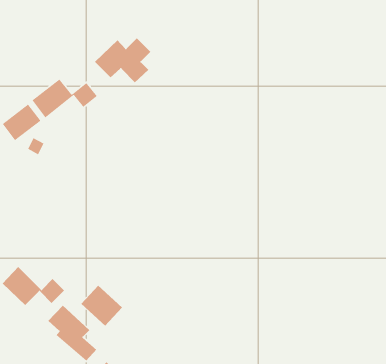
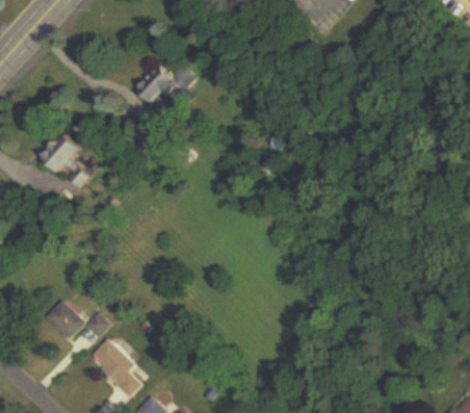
building: [31,79,98,119] -> none
building: [81,285,123,327] -> none

